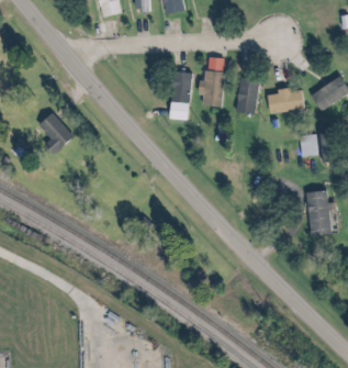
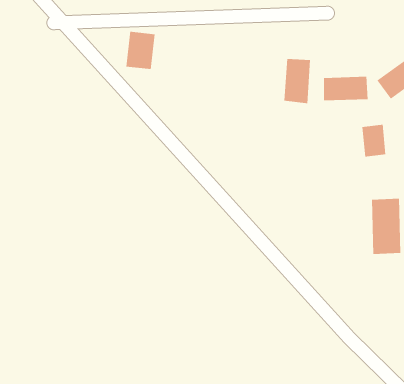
building: [170,71,194,102] -> [126,31,156,70]
building: [204,71,223,107] -> none
building: [34,111,69,156] -> none

